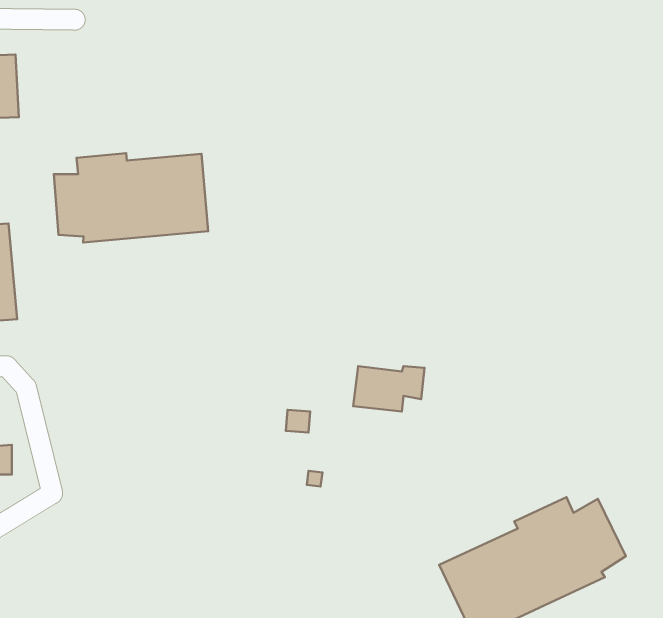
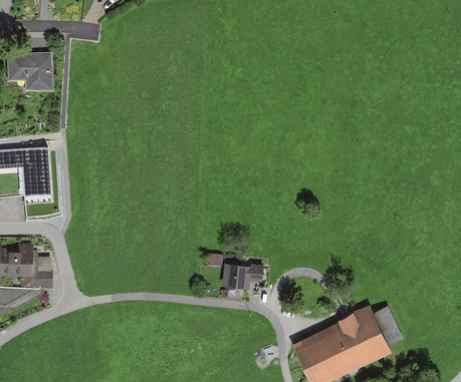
building: [54,153,208,242] -> none
building: [353,366,425,412] -> [223,262,264,288]

